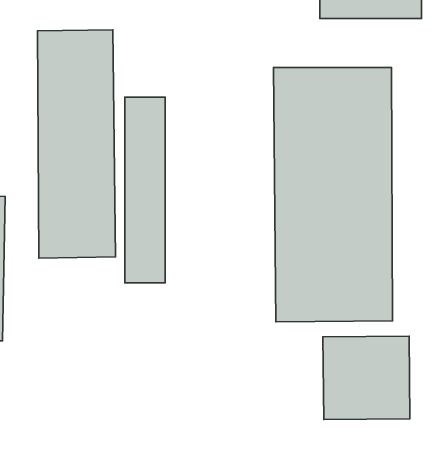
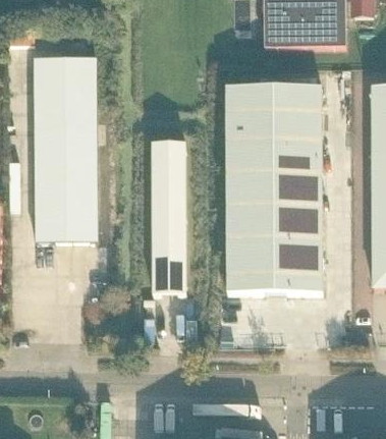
building: [125,97,165,283] -> [152,142,184,292]
building: [323,336,410,420] -> none

